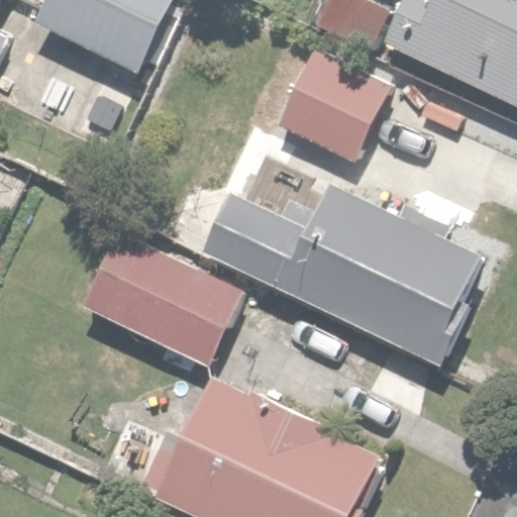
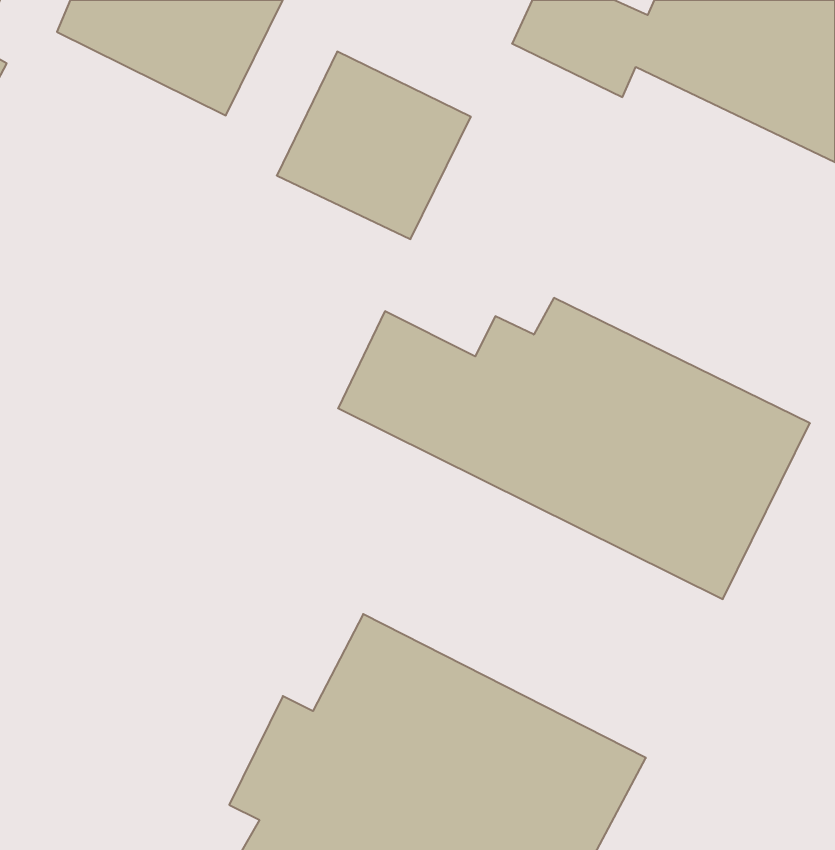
building: [275,47,392,161] -> [277,52,471,239]
building: [80,230,244,367] -> none

